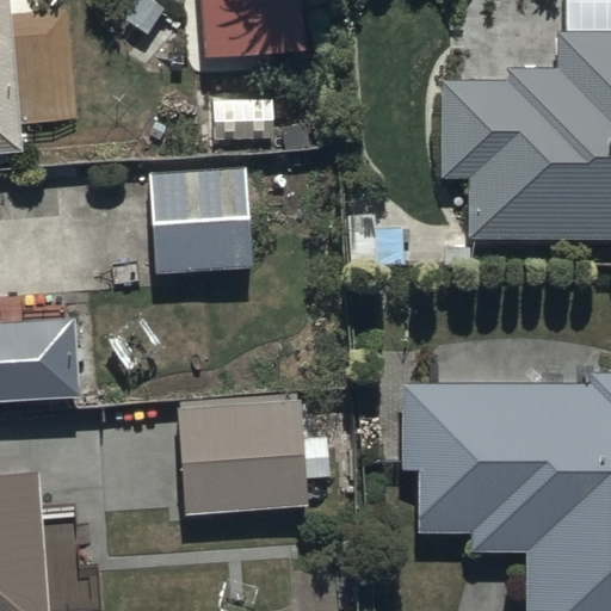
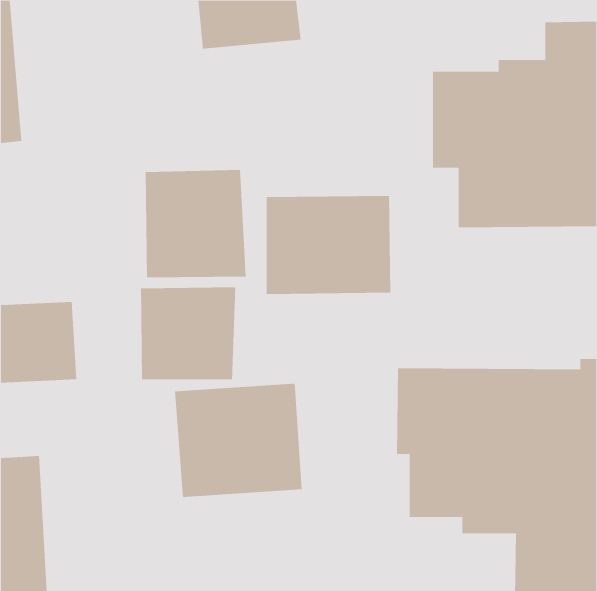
building: none -> [266,195,391,295]
building: none -> [140,287,236,380]

